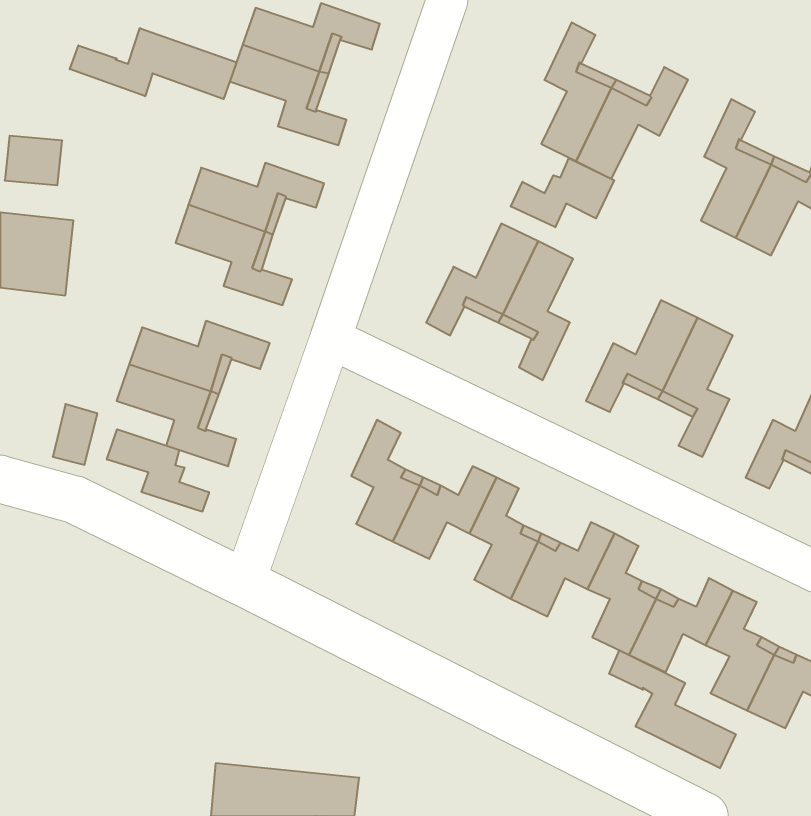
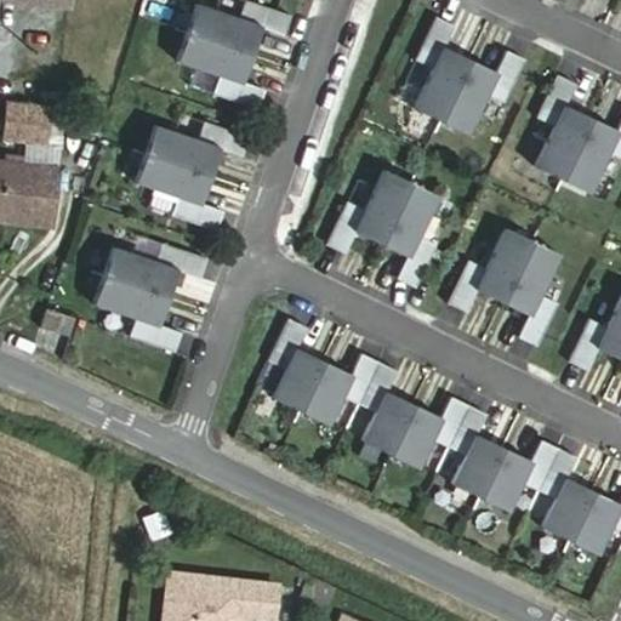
building: [70,28,237,99] -> none
building: [511,158,614,227] -> none
building: [107,429,209,512] -> none
building: [609,650,736,768] -> none

